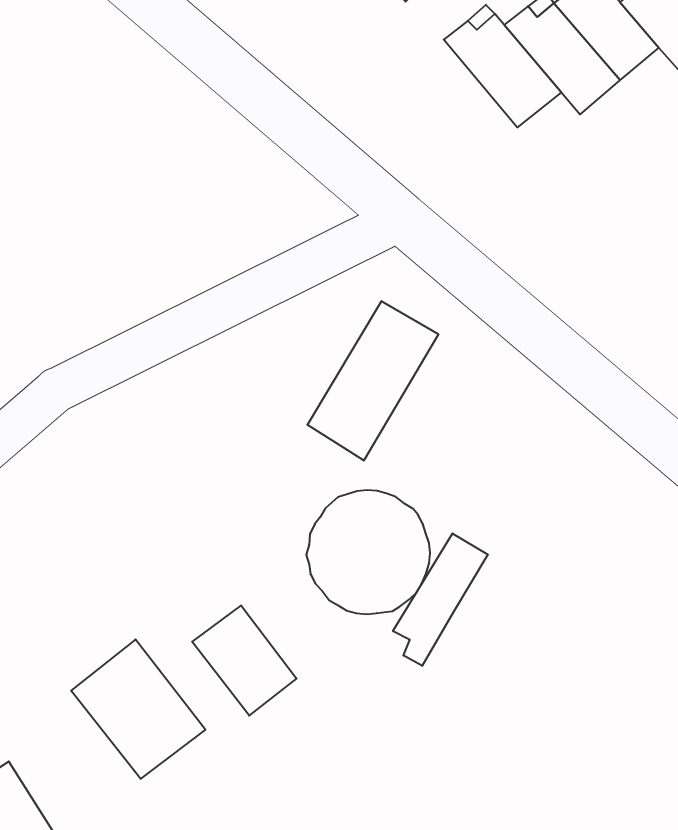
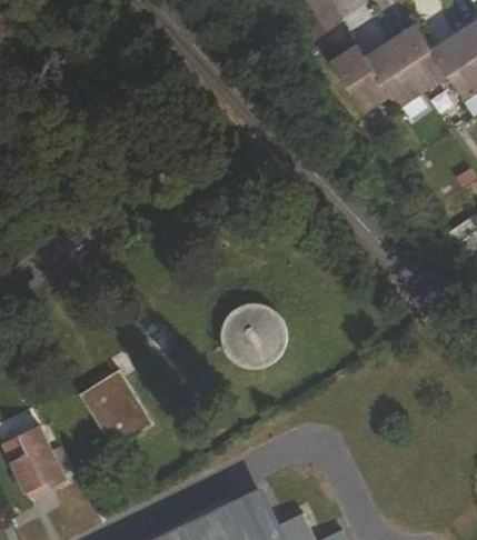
building: [307,301,438,461] -> none
building: [393,533,488,666] -> none
building: [192,605,297,716] -> none

